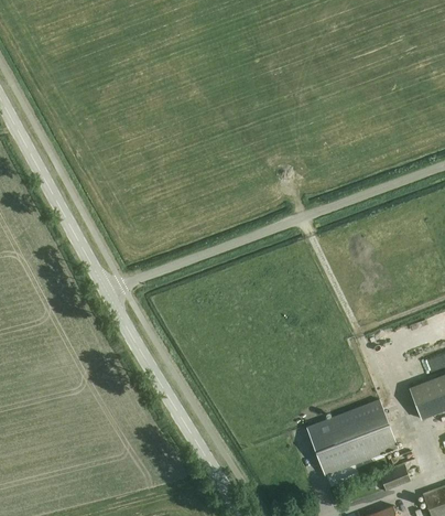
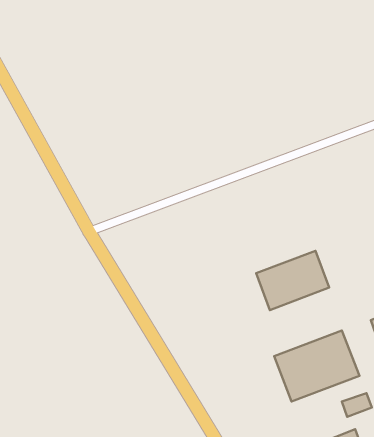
building: none -> [256,251,329,310]

